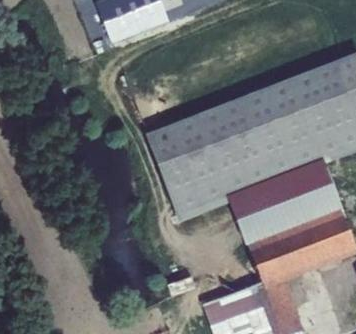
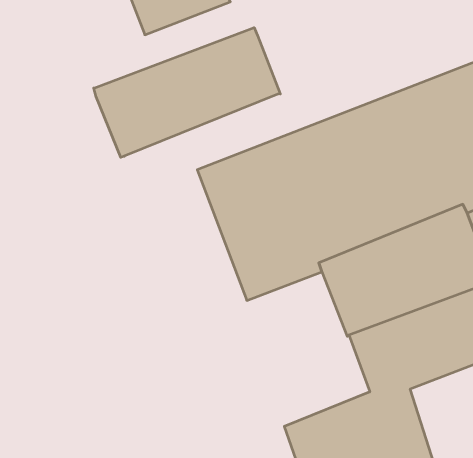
building: none -> [94,28,280,157]

